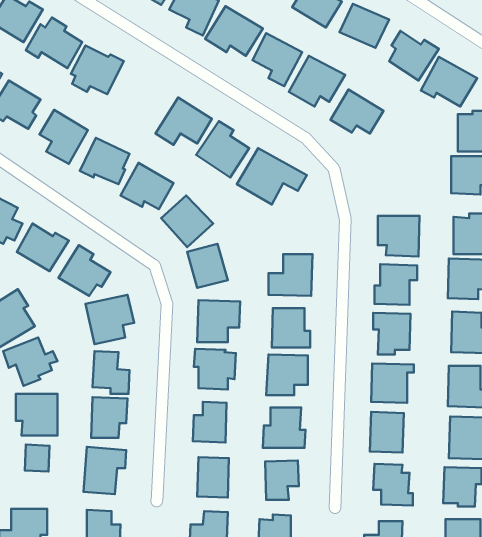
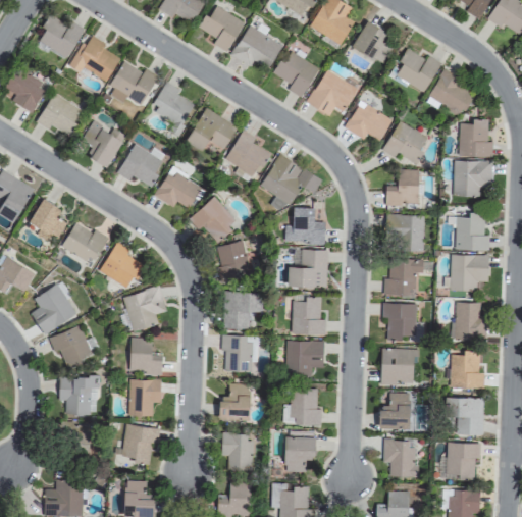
building: none -> [151,82,196,136]
building: none -> [382,121,428,165]
building: none -> [386,170,420,206]
building: none -> [284,208,325,245]

